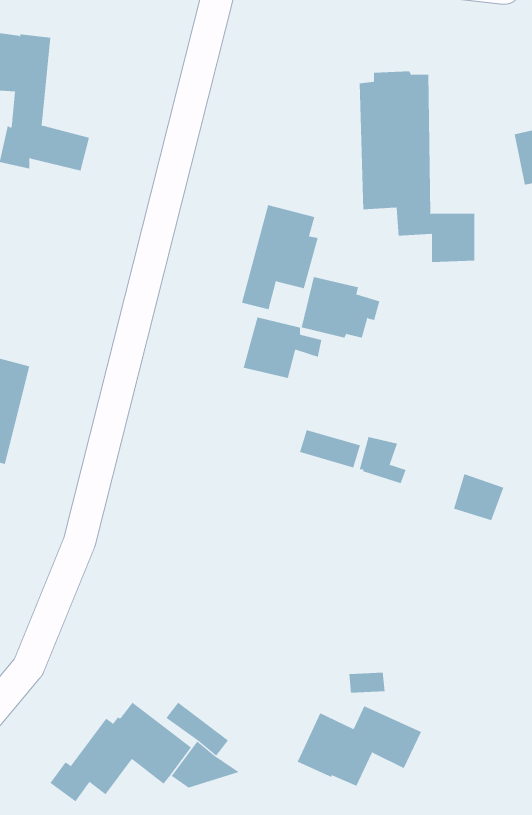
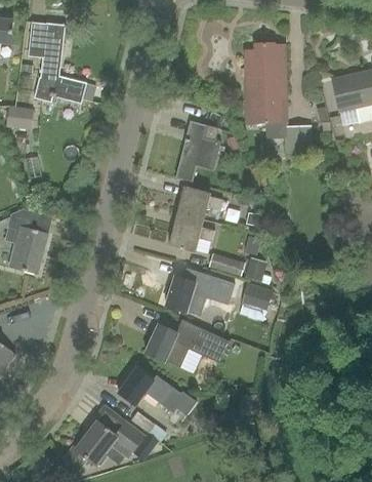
building: [301,276,380,338] -> [169,216,215,252]
building: none -> [165,265,223,316]
building: [453,474,504,521] -> [242,283,272,311]
building: none -> [117,367,178,409]
building: [297,706,422,786] -> [144,320,217,367]

